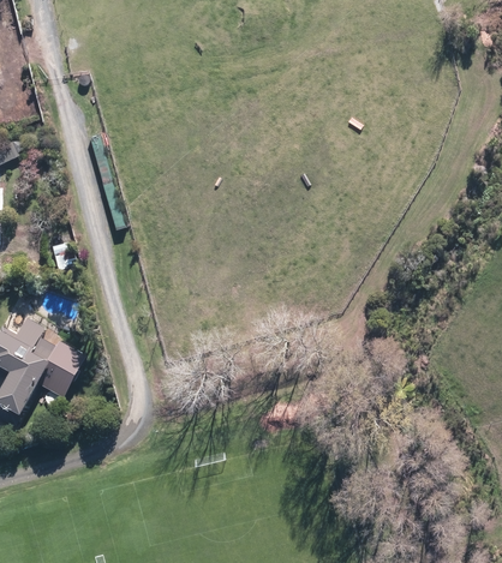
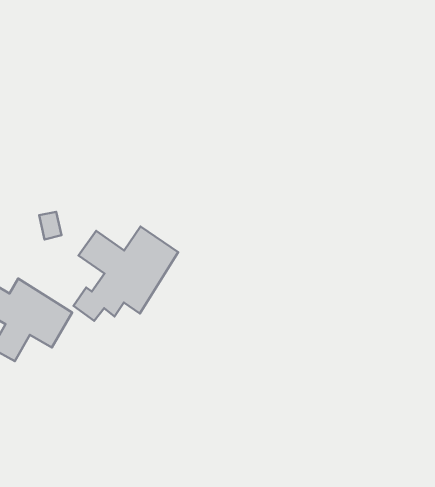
building: none -> [74,227,178,321]

